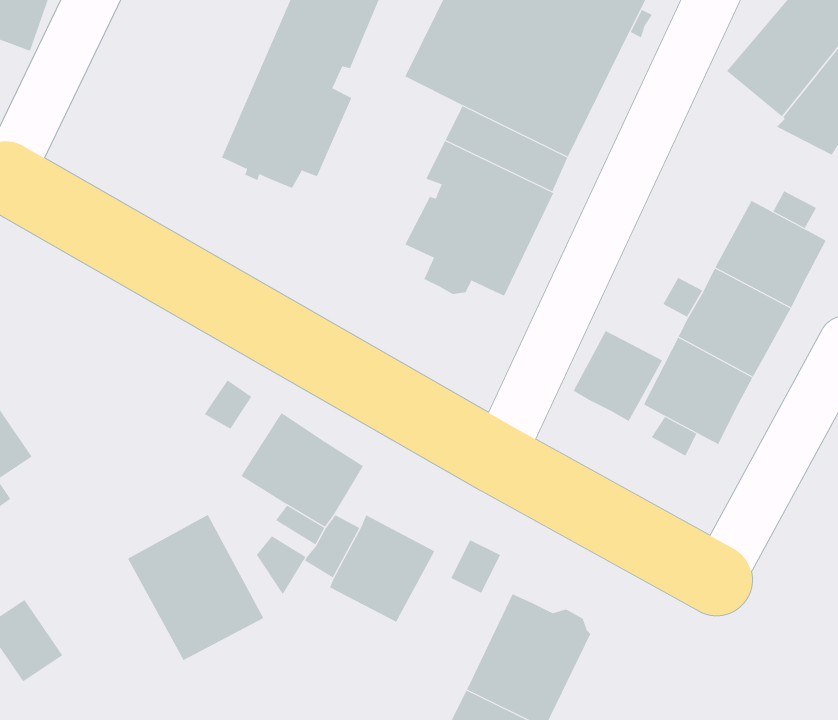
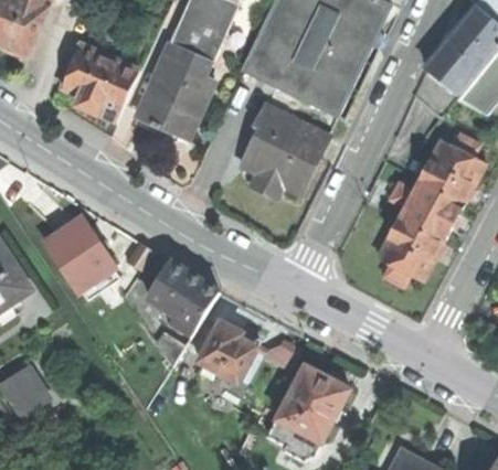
building: none -> [63,44,138,120]
building: [573,330,663,422] -> none
building: [127,514,264,661] -> [39,210,117,293]

